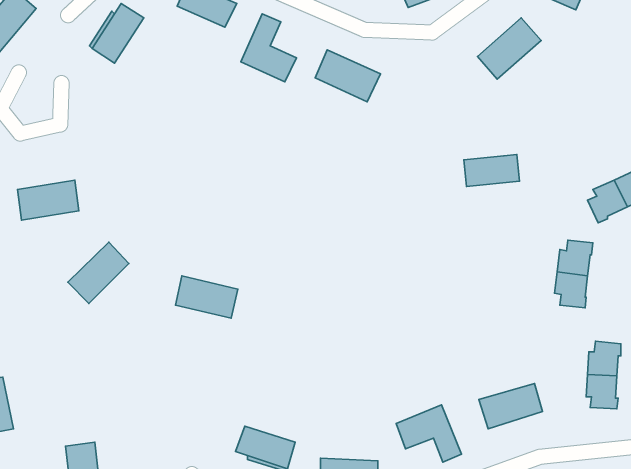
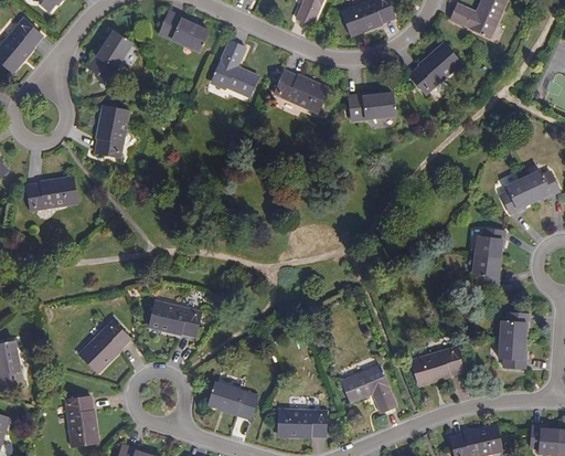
building: none -> [96,107,129,158]
building: [464,155,520,187] -> [349,94,395,120]
building: [68,242,129,303] -> [78,321,129,372]
building: [175,276,238,318] -> [149,301,201,337]

